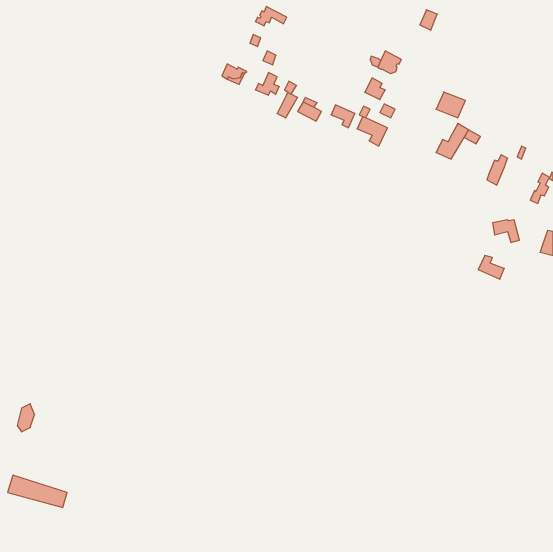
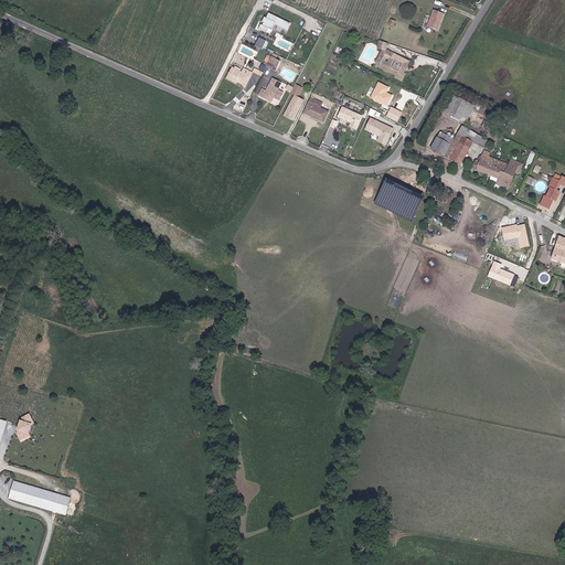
building: none -> [469,149,504,177]
building: none -> [375,178,423,218]

